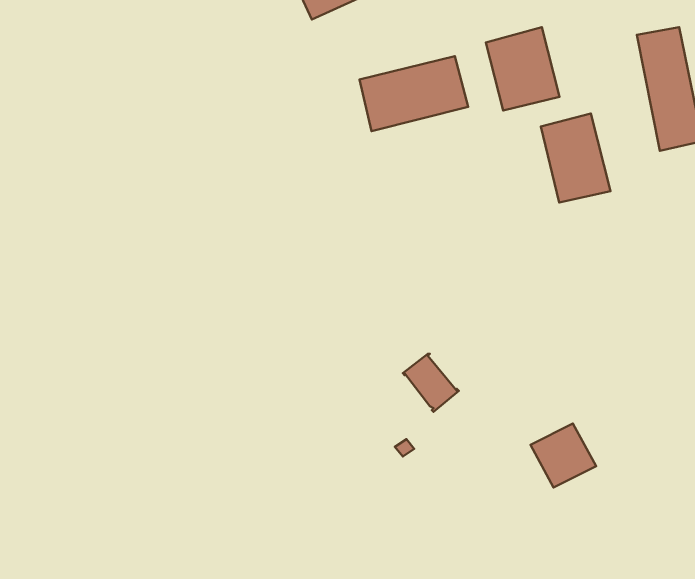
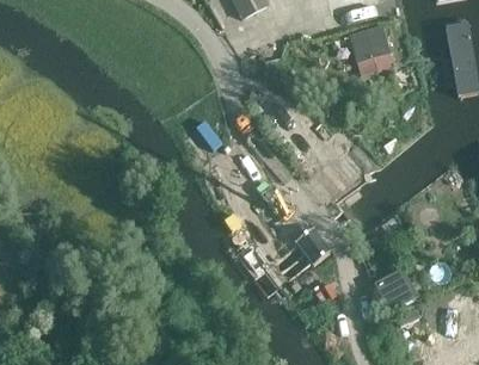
building: [360,56,468,131] -> none
building: [541,113,610,202] -> none

